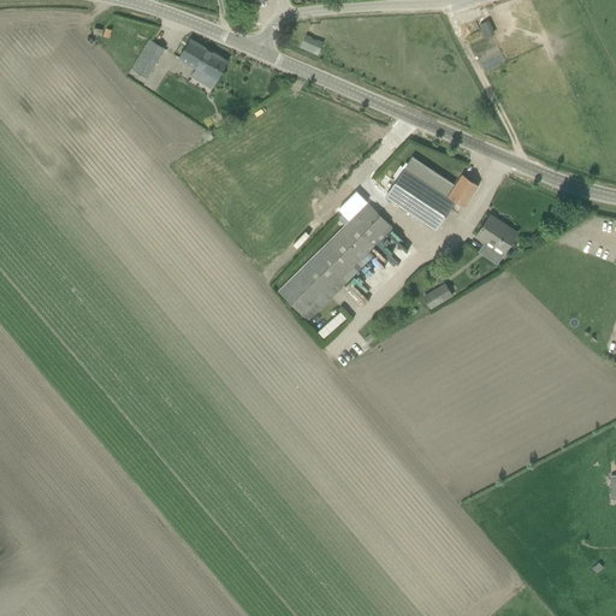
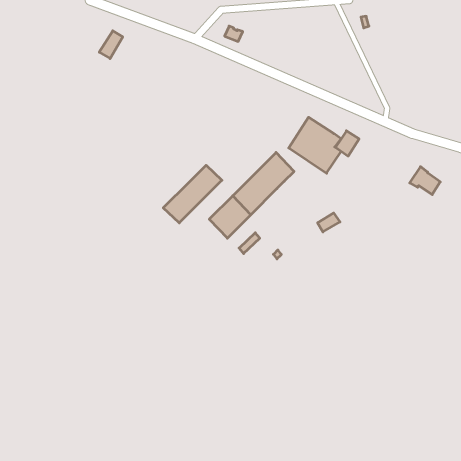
building: [179,40,227,81] -> none
building: [475,215,516,253] -> [410,167,440,195]
building: none -> [163,165,222,223]

